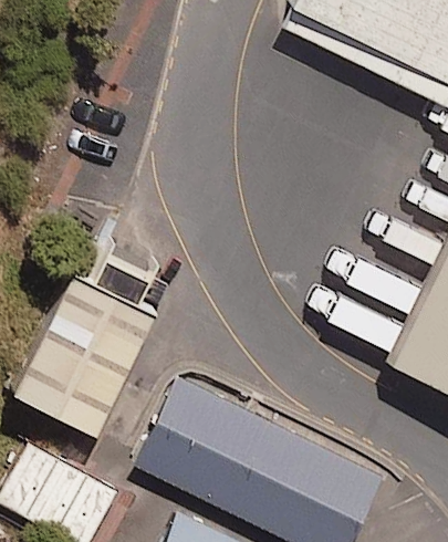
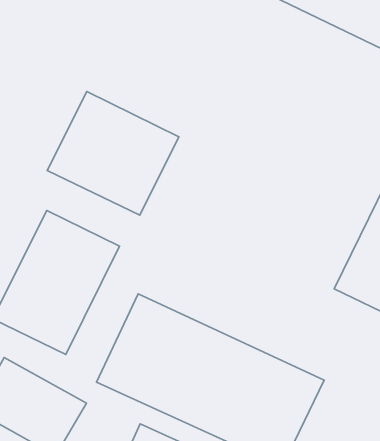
building: none -> [47,91,179,215]

